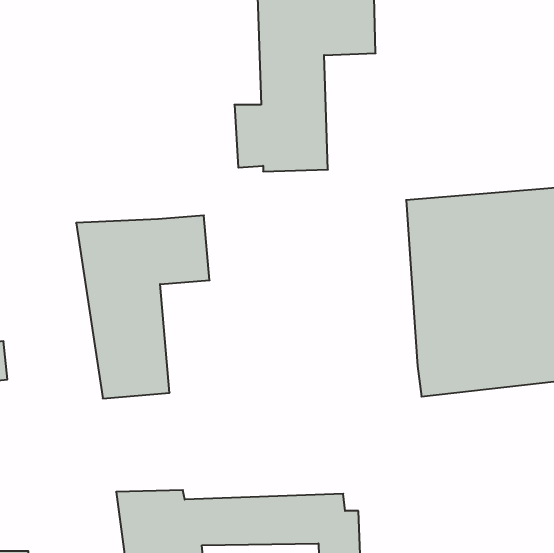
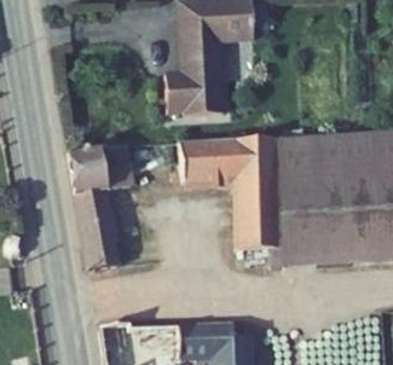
building: none -> [196,138,281,247]

